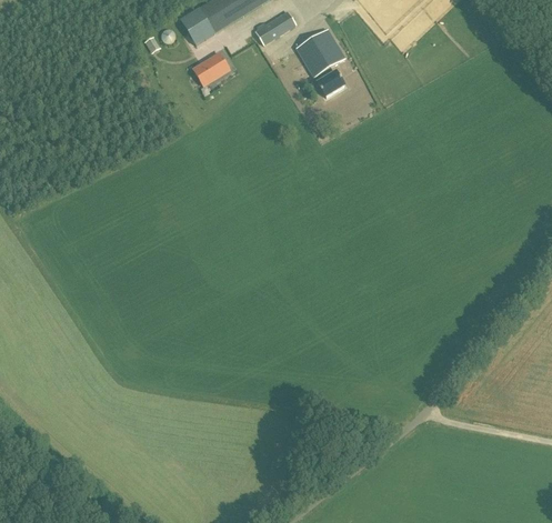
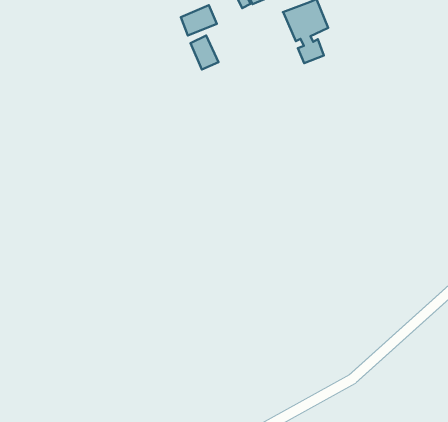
building: none -> [190,35,218,69]

